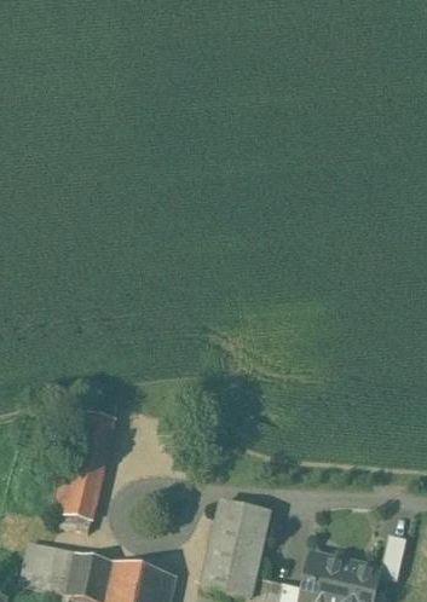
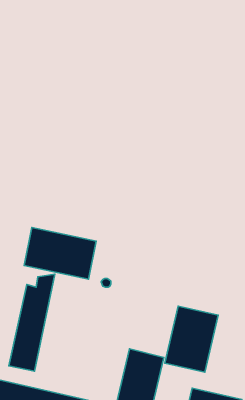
building: none -> [24,228,96,279]
building: none -> [165,306,218,372]

